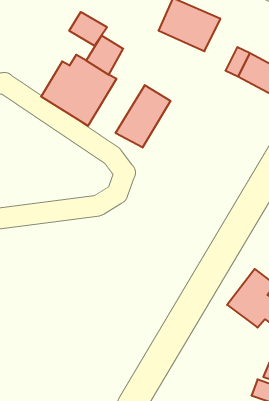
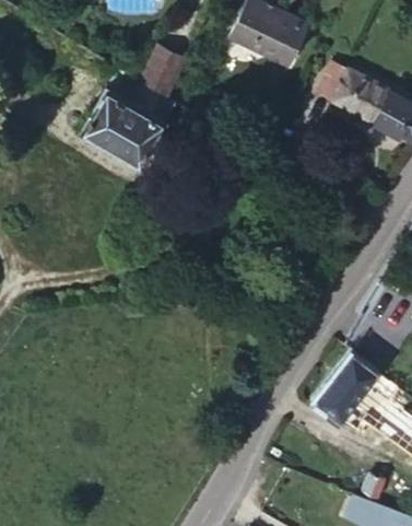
building: [69,12,107,46] -> none
building: [116,85,170,148] -> none

